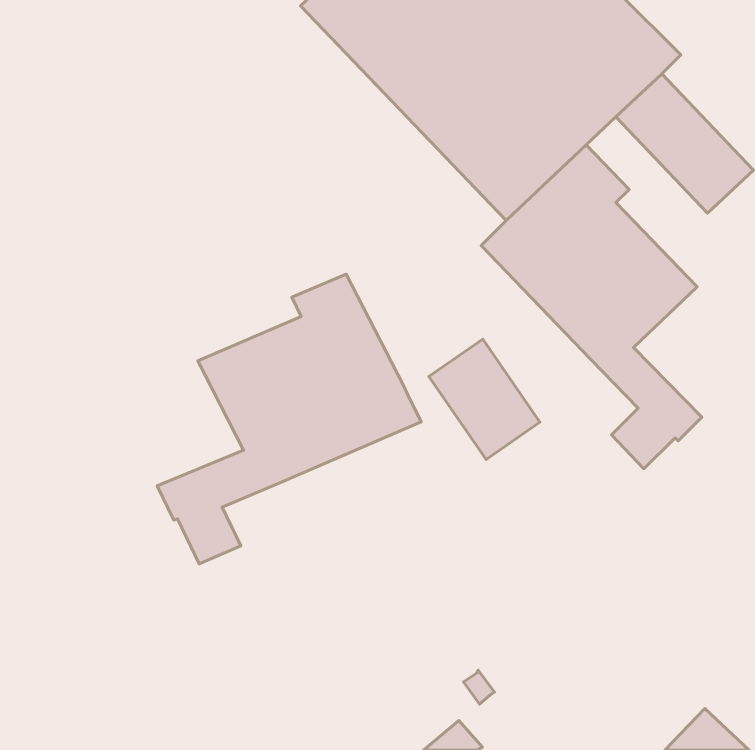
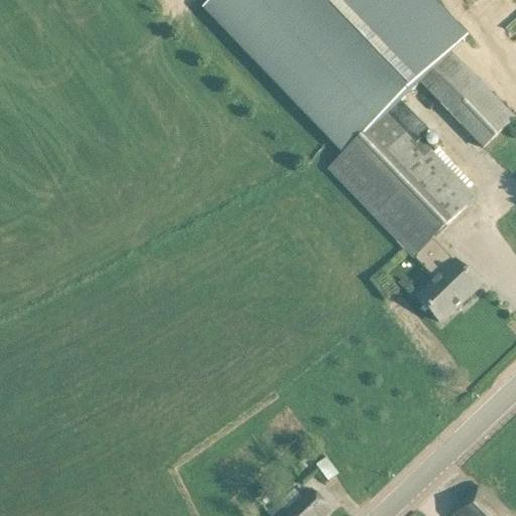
building: [157,274,421,564] -> none
building: [429,339,540,460] -> none

